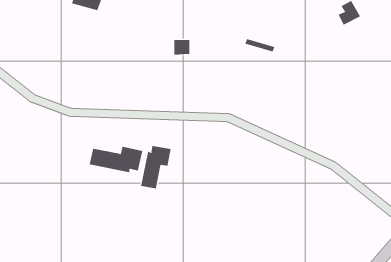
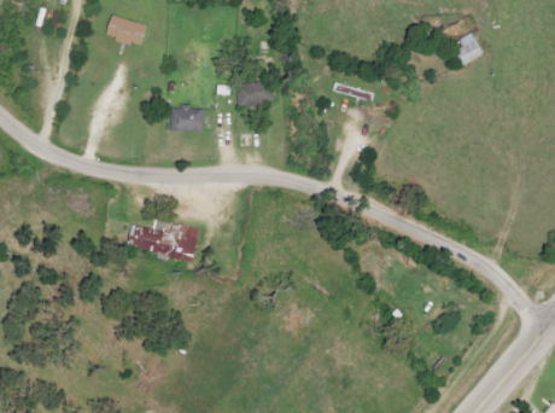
building: none -> [170,107,204,132]
building: [141,145,171,189] -> none

